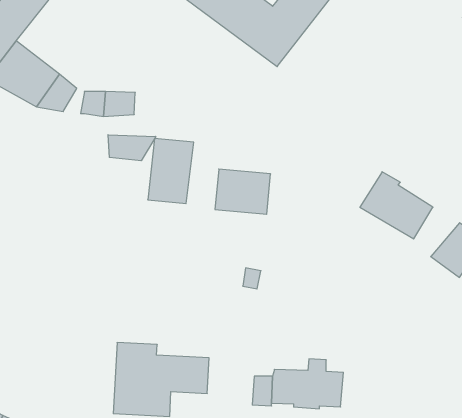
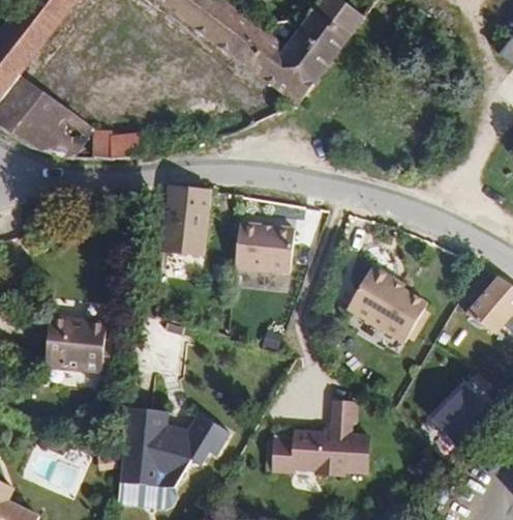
building: [108,135,156,161] -> none
building: [360,172,433,239] -> [345,266,424,339]
building: none -> [44,317,104,370]
building: none -> [445,389,489,434]

